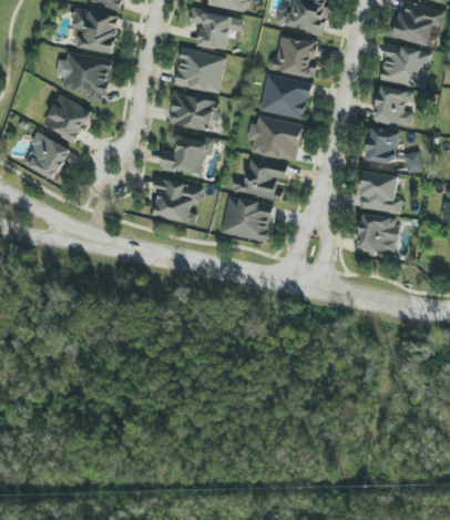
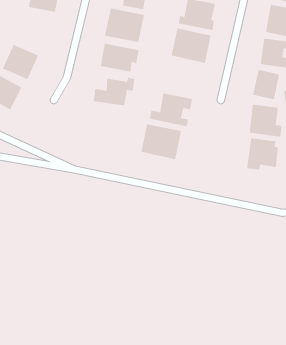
building: [55,51,113,103] -> none
building: [247,115,303,161] -> none
building: [153,176,203,225] -> none

